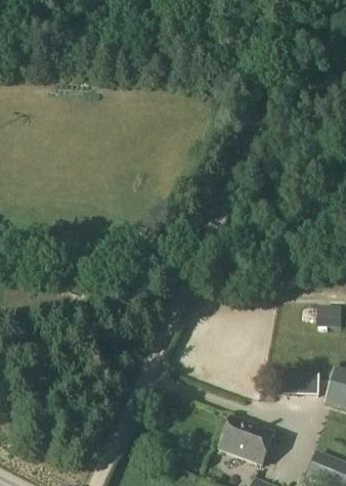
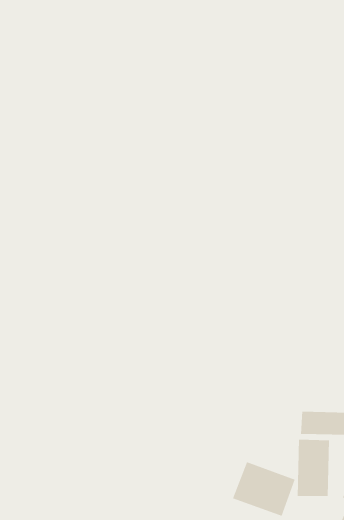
building: none -> [297,439,329,497]

